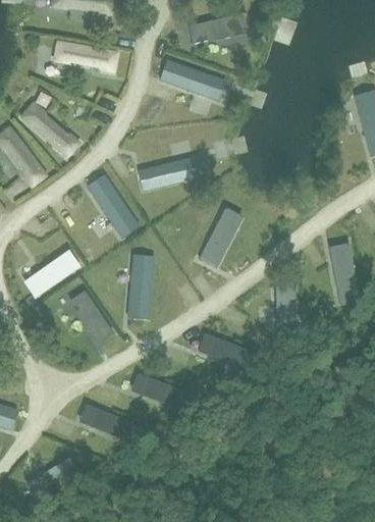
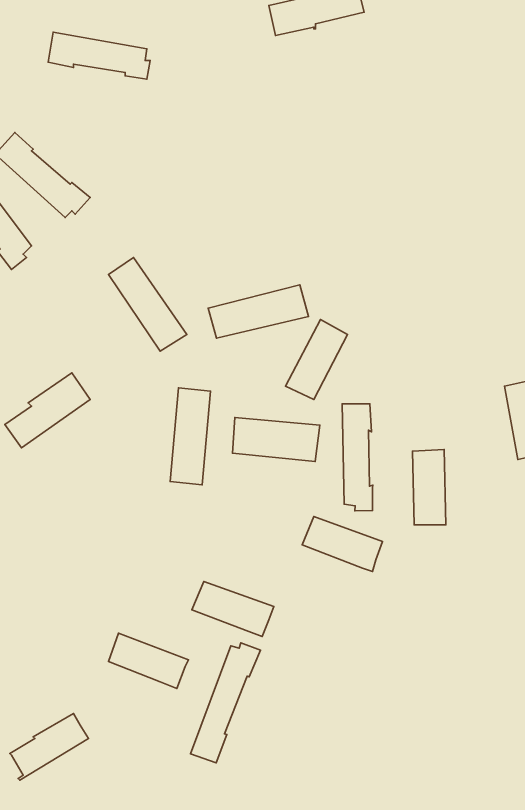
building: [160,61,219,97] -> none
building: [137,157,198,190] -> [208,285,308,338]
building: none -> [342,404,373,511]
building: none -> [233,418,320,461]
building: [71,291,112,343] -> none
building: none -> [190,643,260,763]

